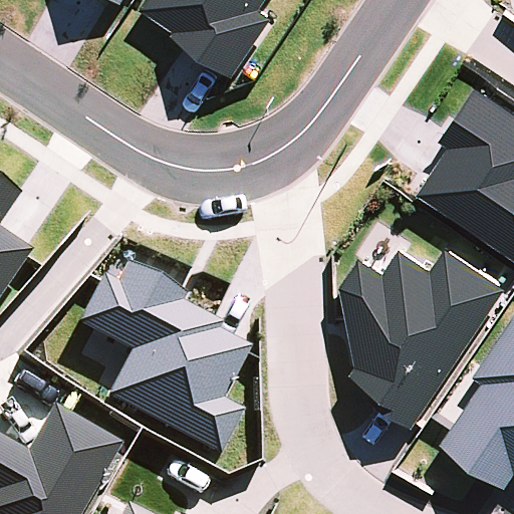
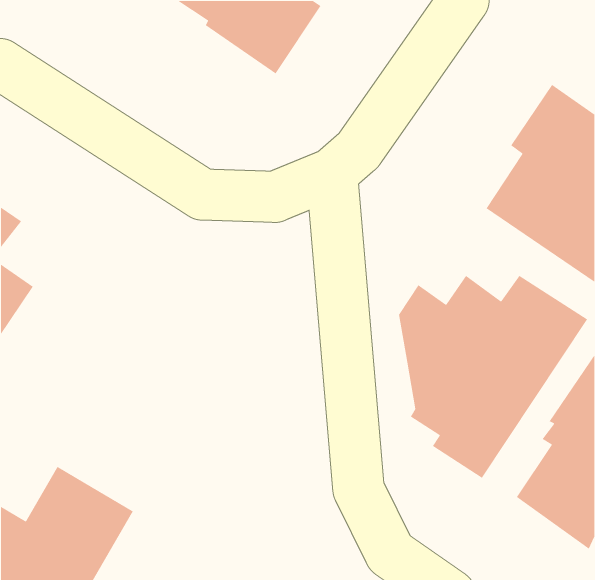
building: [74,270,246,465] -> none

